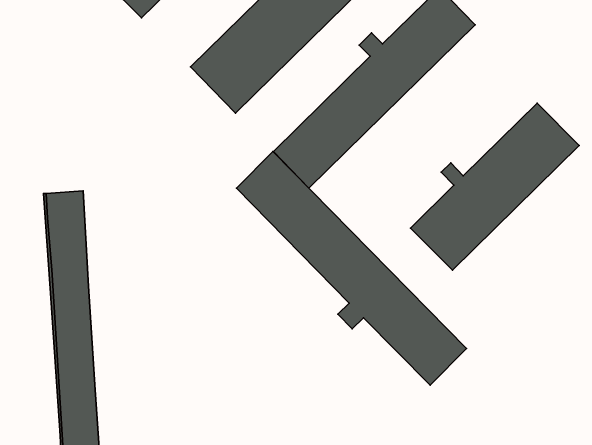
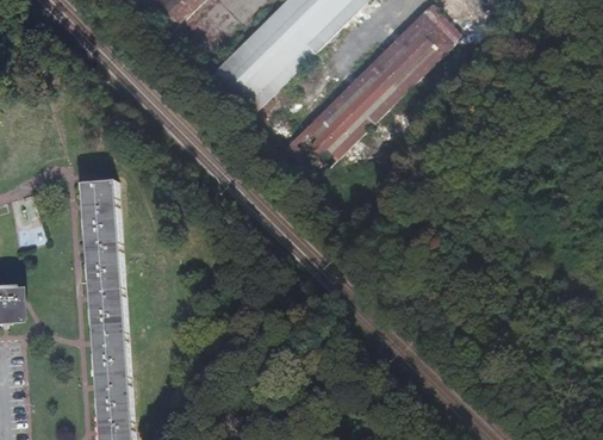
building: [410,103,579,270] -> none
building: [236,151,467,385] -> none

